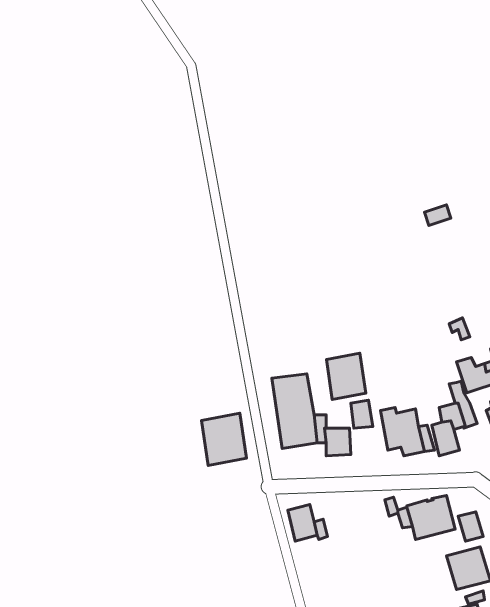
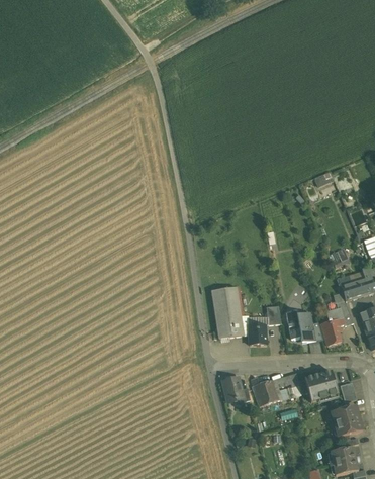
building: [326,353,366,400] -> none
building: [201,413,246,466] -> none
building: none -> [251,375,289,405]

